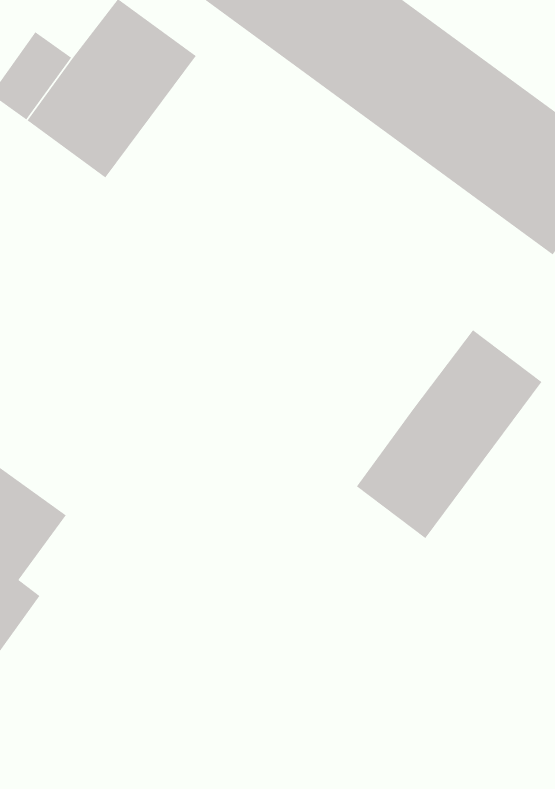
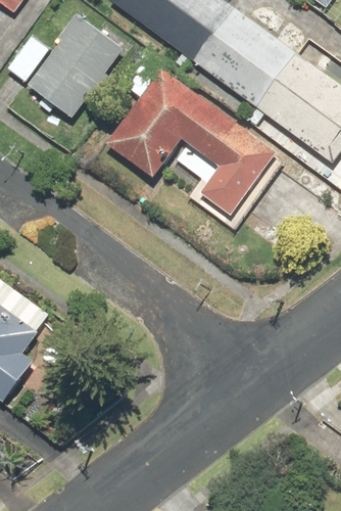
building: none -> [105,67,277,217]
building: [356,329,543,539] -> none

